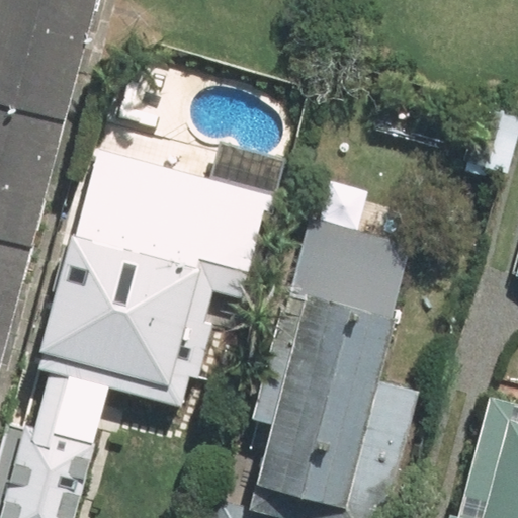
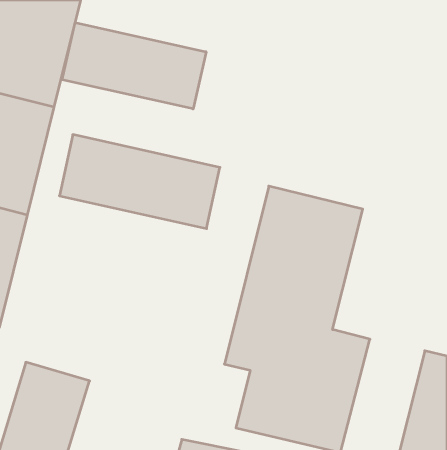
building: none -> [62,23,206,109]
building: [42,235,217,386] -> none

